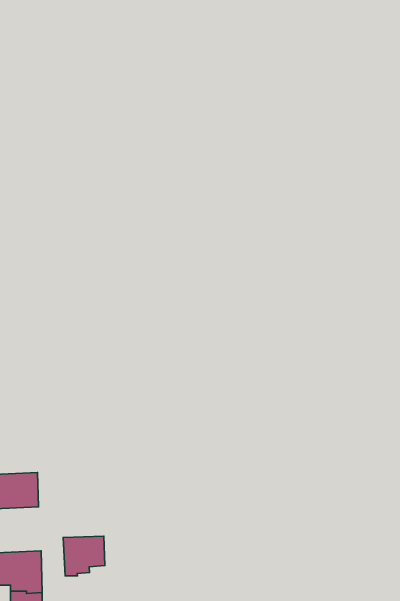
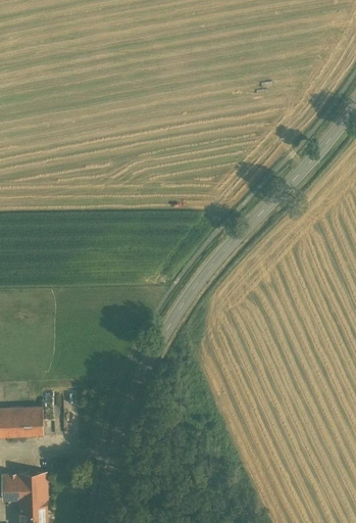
building: [63,536,105,576] -> none

